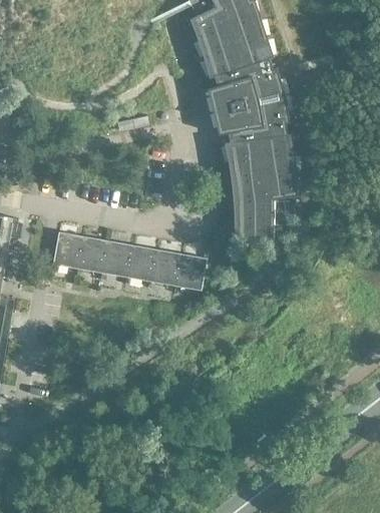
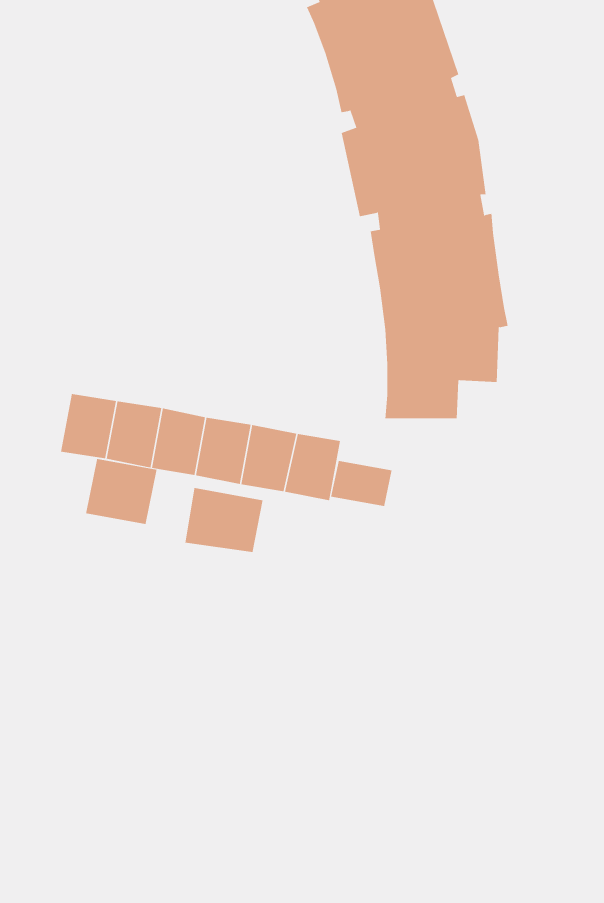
building: none -> [86,458,157,525]
building: none -> [331,460,392,507]
building: none -> [185,487,263,553]

